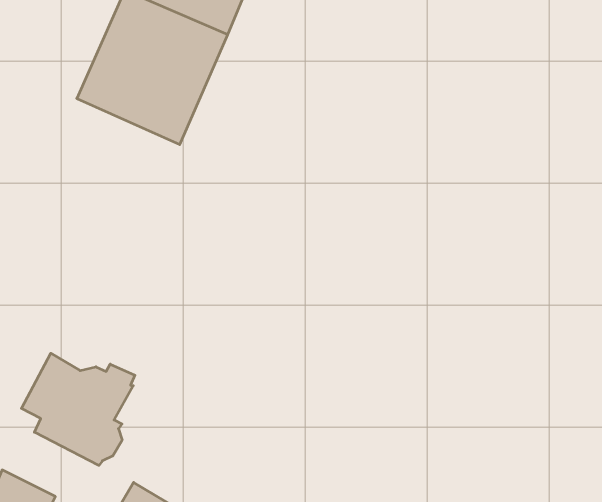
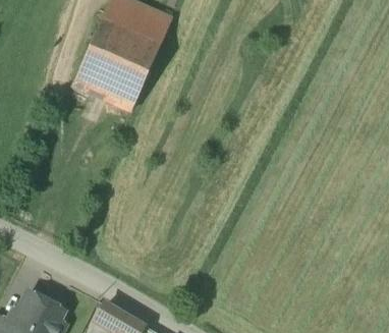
building: [21,353,135,465] -> none

